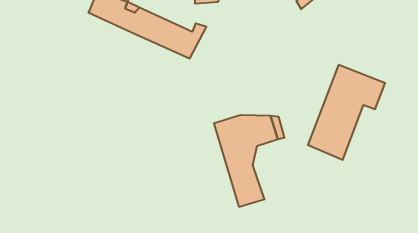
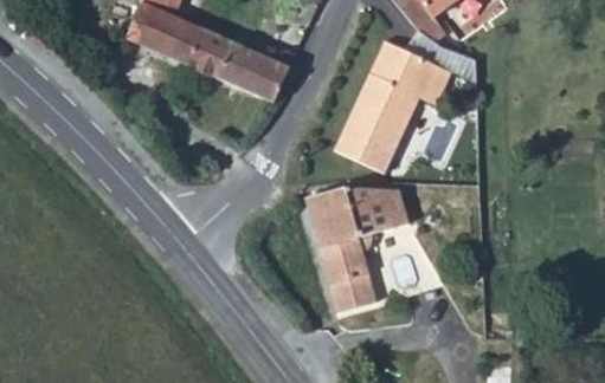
building: [308,65,385,160] -> [341,34,451,169]

